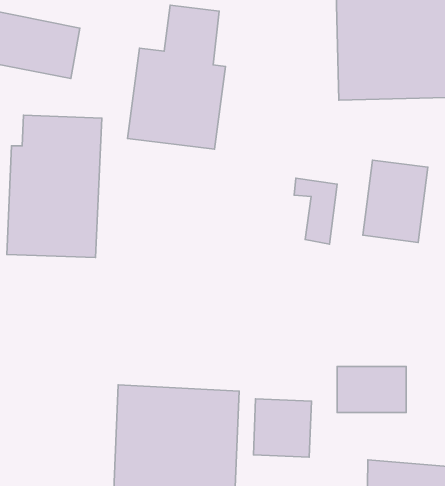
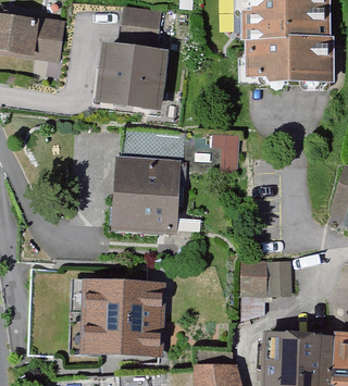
building: [7,115,102,258] -> [114,135,182,236]
building: [363,160,428,242] -> none
building: [253,399,311,457] -> none

